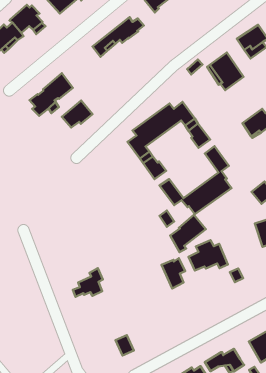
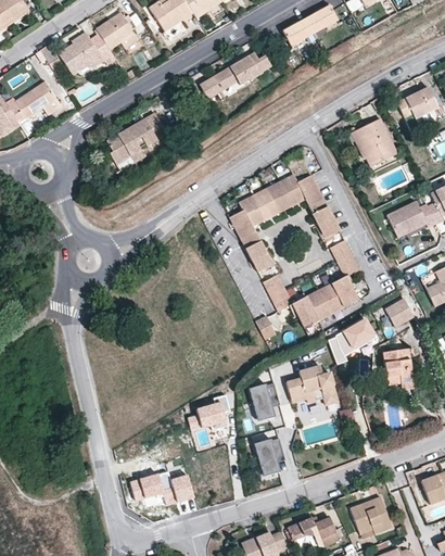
building: [62,101,93,127] -> none
building: [170,215,206,252] -> [326,316,374,363]
building: [73,268,103,297] -> [187,394,229,430]
building: none -> [254,438,284,476]
building: none -> [130,471,175,505]

